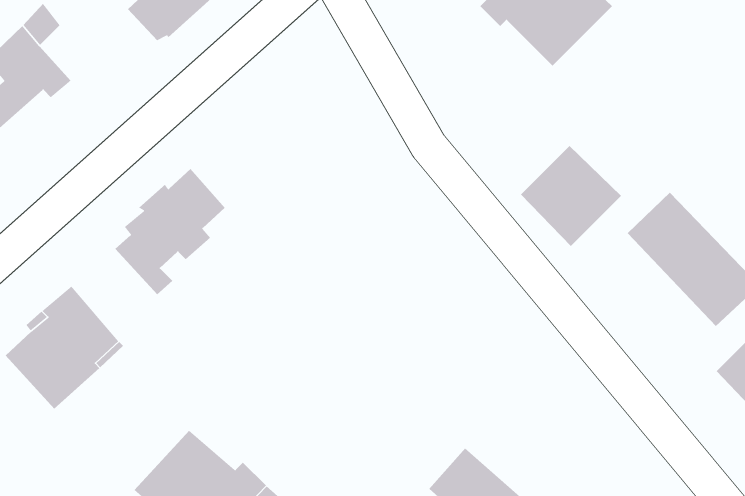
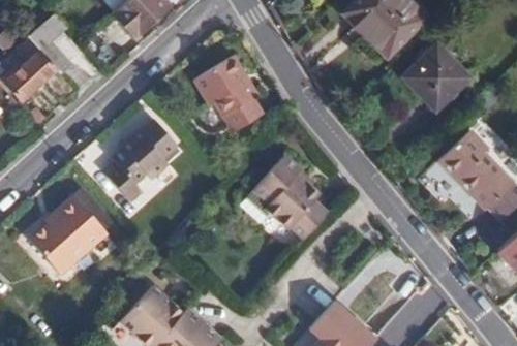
building: none -> [192,54,261,131]
building: [520,145,622,247] -> [402,44,468,111]
building: none -> [253,157,328,239]

